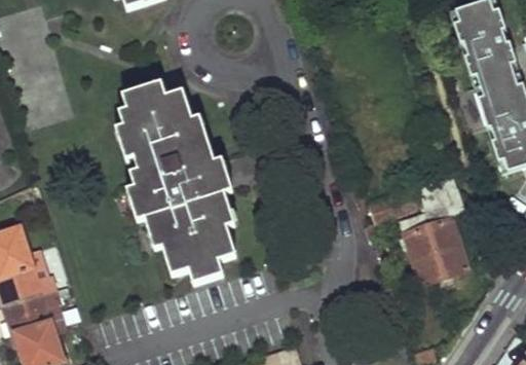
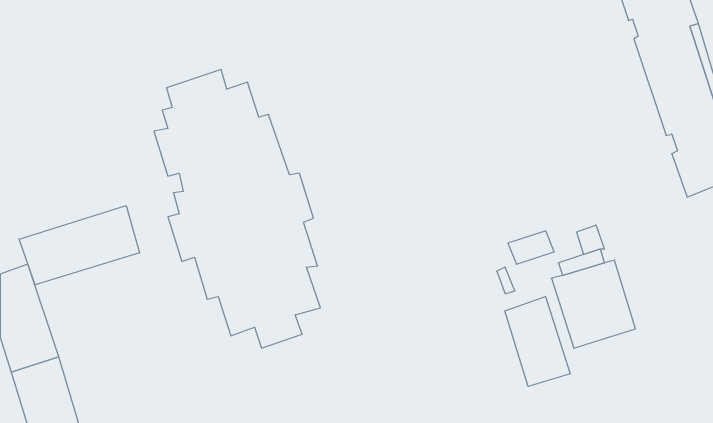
building: none -> [19,206,140,285]
building: none -> [505,297,570,386]

